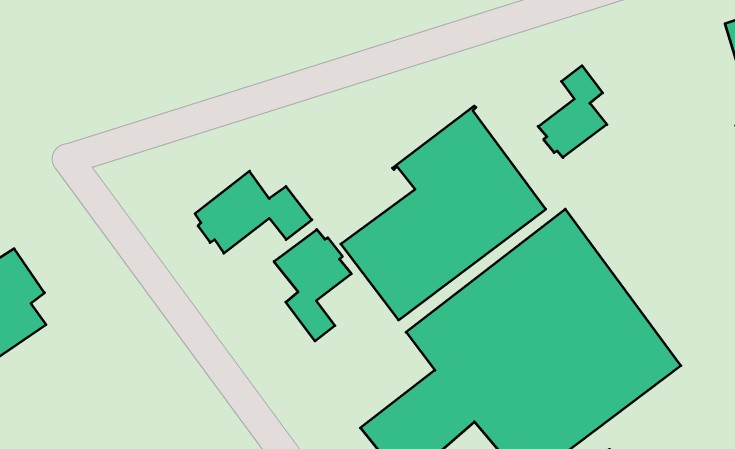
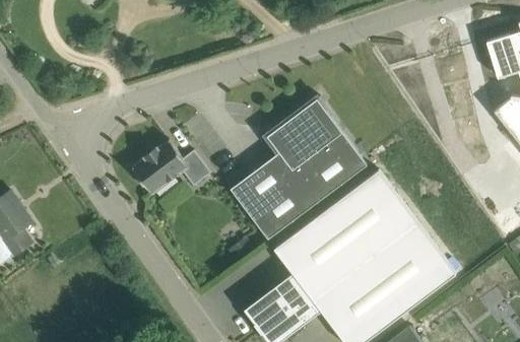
building: [538,66,607,158] -> none
building: [274,229,351,341] -> none

